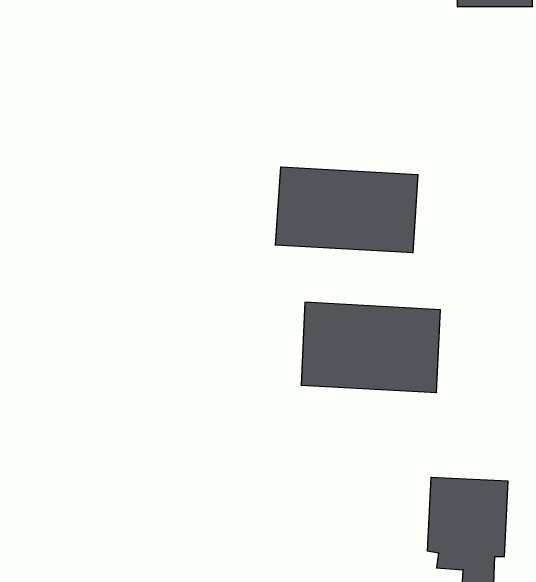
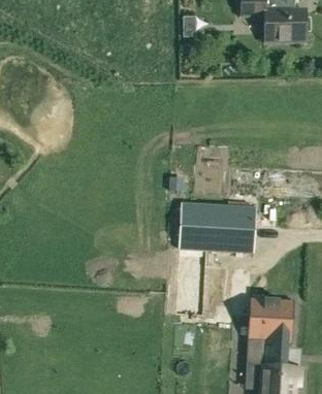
building: [276,167,418,253] -> none

